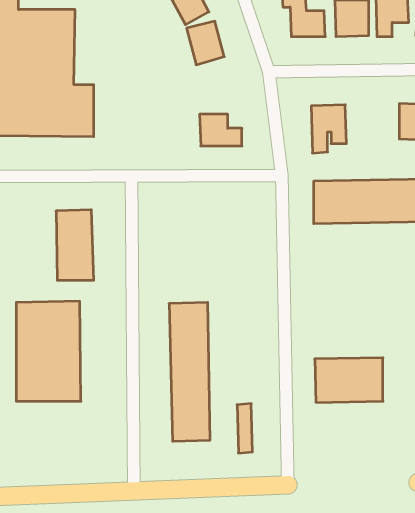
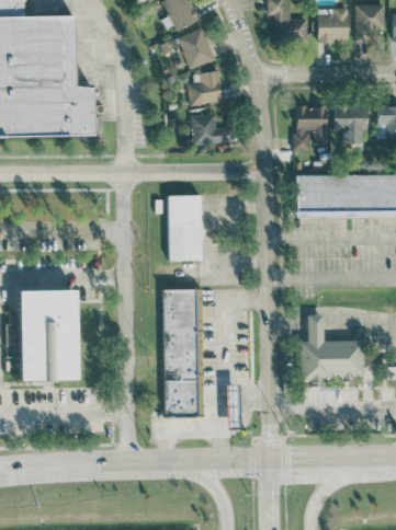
building: none -> [188,69,223,104]
building: none -> [333,103,367,142]
building: [56,210,94,280] -> [168,194,203,260]

